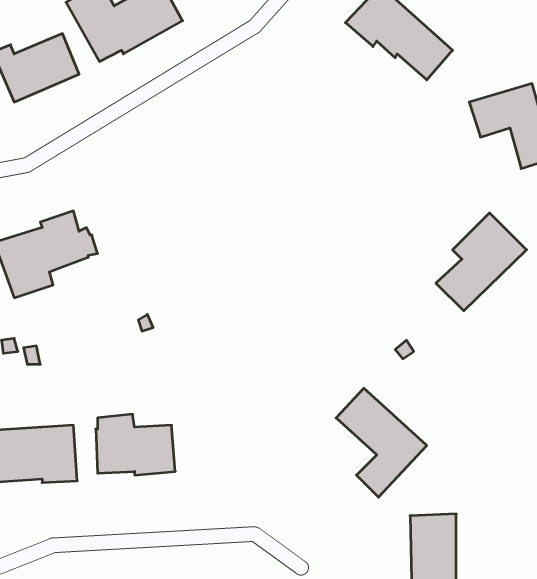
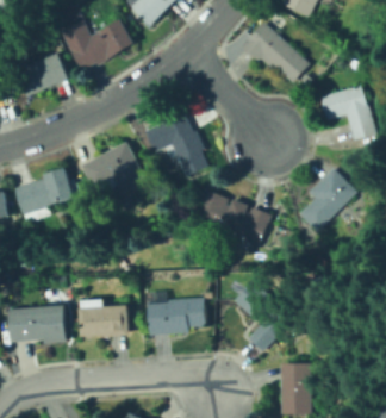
building: none -> [144,113,207,176]
building: none -> [80,141,147,193]
building: none -> [189,188,270,243]
building: none -> [145,293,205,335]

